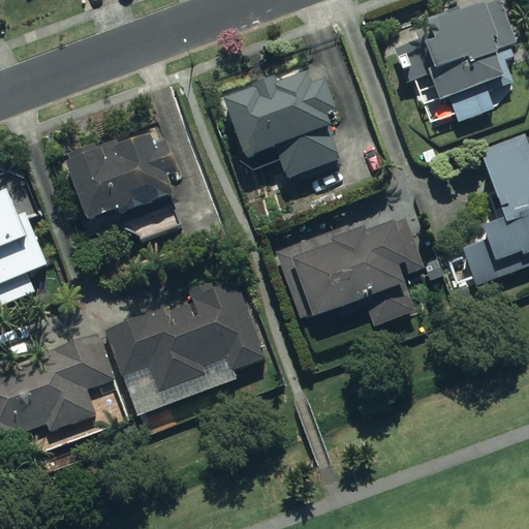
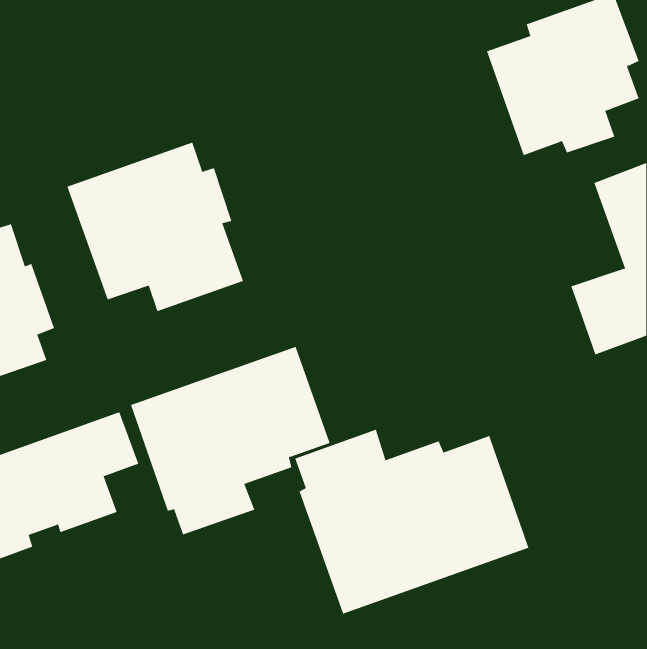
building: [226,67,344,179] -> none
building: [279,213,417,328] -> none
building: none -> [295,429,529,614]

